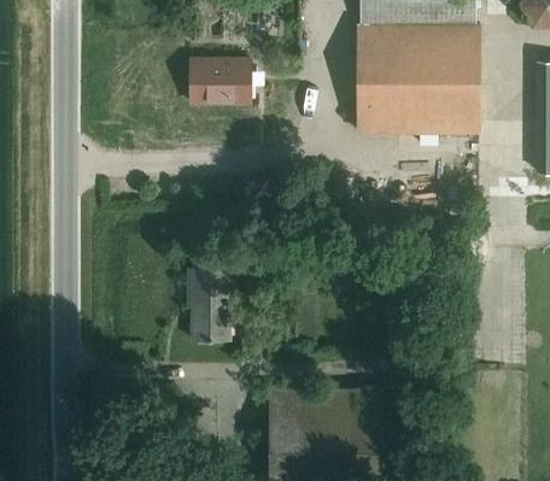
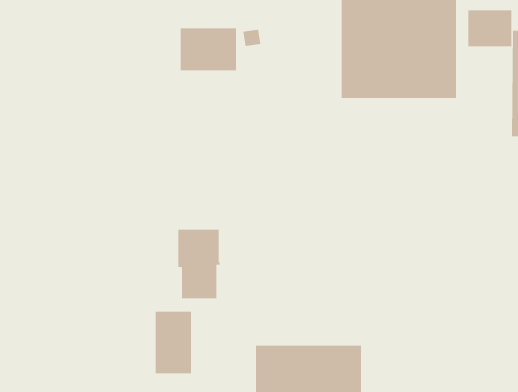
building: none -> [468,10,512,47]
building: none -> [155,311,192,374]

